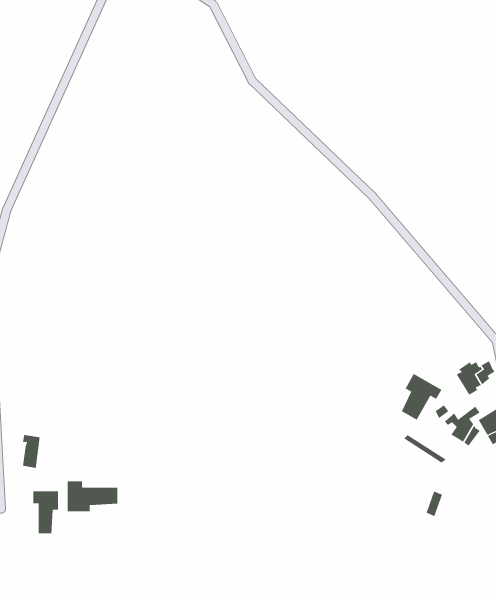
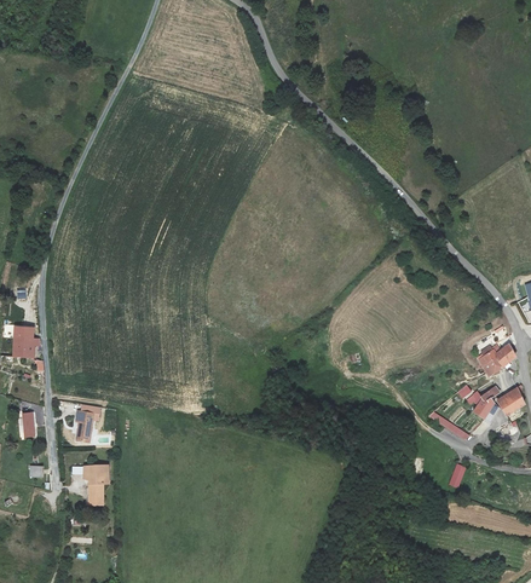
building: [401,373,442,420] -> none
building: [67,480,118,512] -> none

